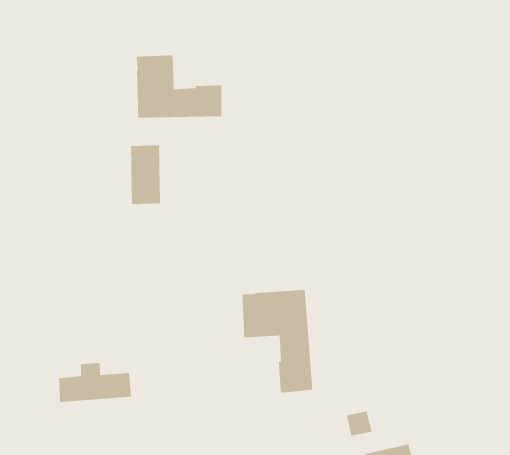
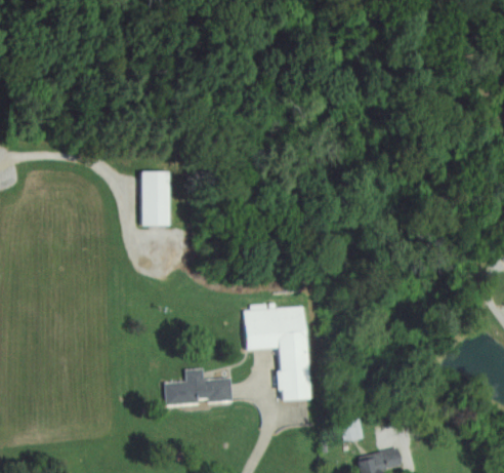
building: [136,54,222,118] -> none
building: [58,363,132,402] -> [166,367,235,404]

